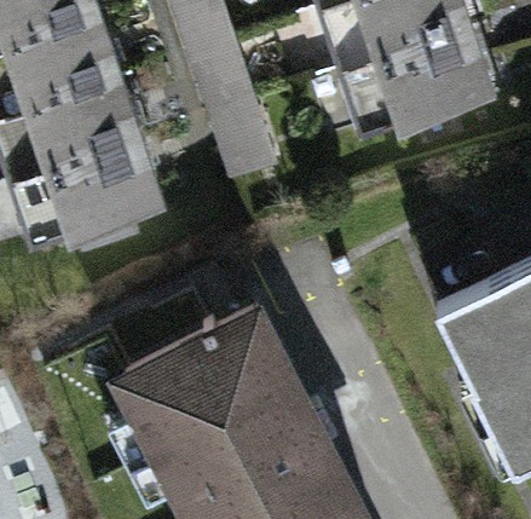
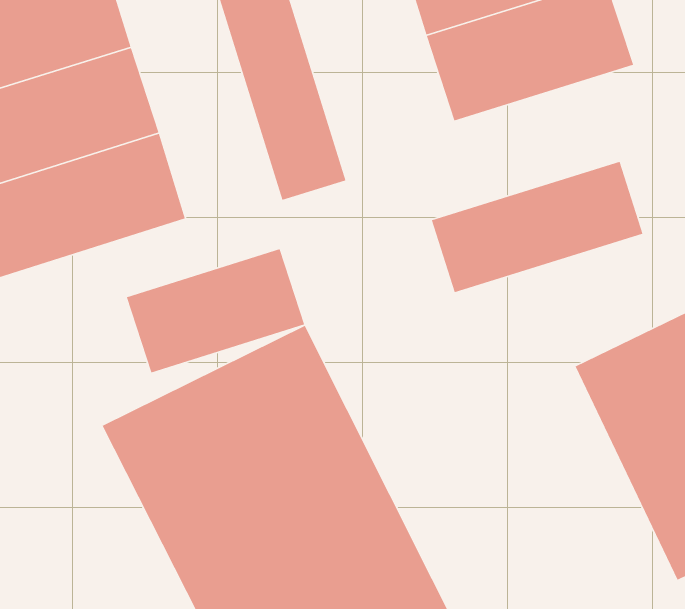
building: none -> [431,161,644,293]
building: none -> [126,248,305,373]

